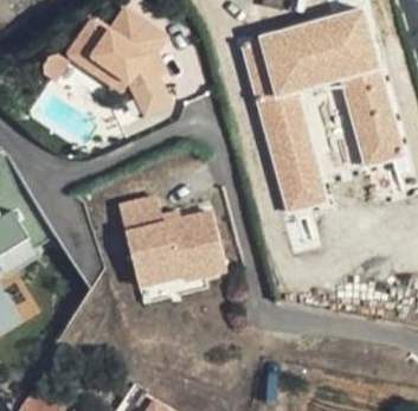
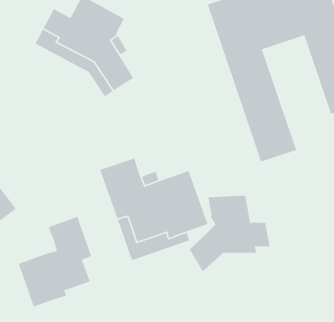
building: none -> [189,195,270,272]
building: none -> [18,216,92,308]

